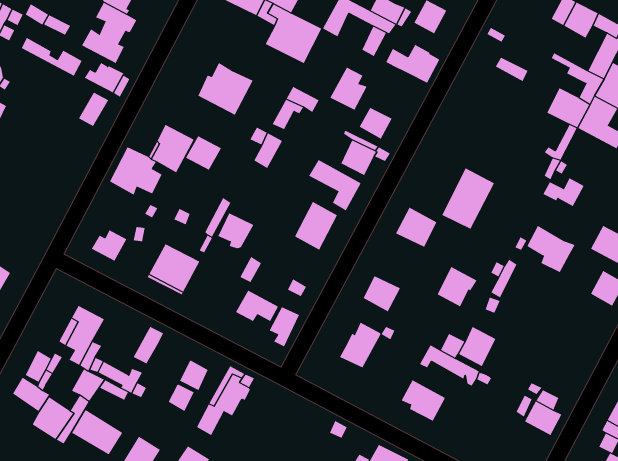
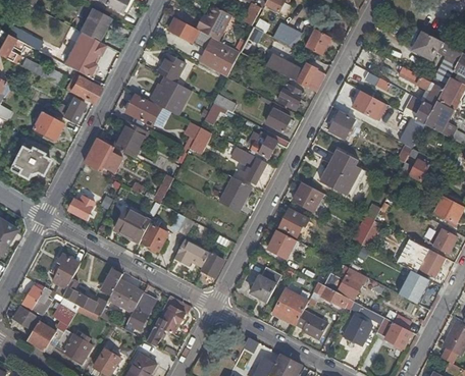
building: none -> [157,54,185,83]
building: [330,67,367,110] -> [277,78,305,110]
building: none -> [358,94,384,120]
building: none -> [31,111,62,140]
building: none -> [330,111,357,139]
building: [185,135,222,170] -> [126,96,153,121]
building: none -> [10,143,50,172]
building: [218,212,254,249] -> [144,224,170,251]
building: [526,225,576,273] -> [411,243,447,277]
building: [437,266,477,307] -> [280,209,310,238]
building: none -> [399,270,431,303]
building: none -> [110,281,143,311]
building: none -> [275,287,309,322]
building: none -> [345,316,374,345]

